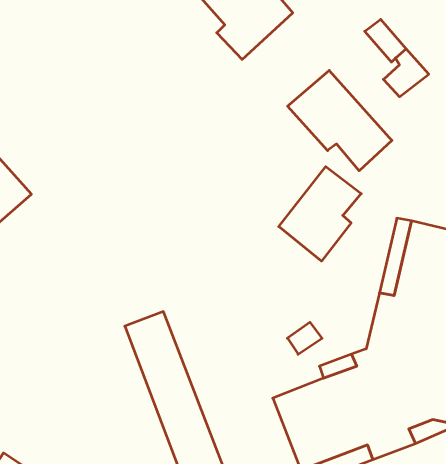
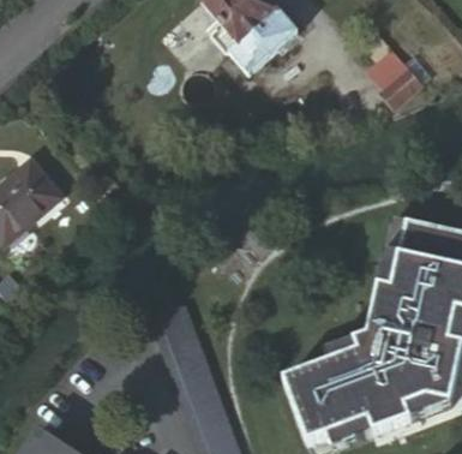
building: [288,70,392,171] -> none
building: [279,167,361,261] -> none

